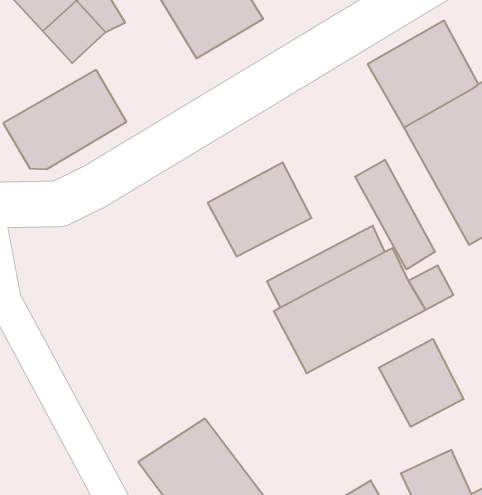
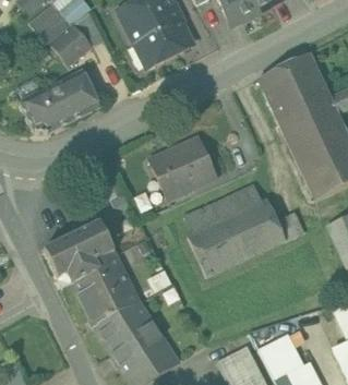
building: [355,160,435,269] -> none
building: none -> [44,220,139,325]
building: [379,339,464,427] -> none

